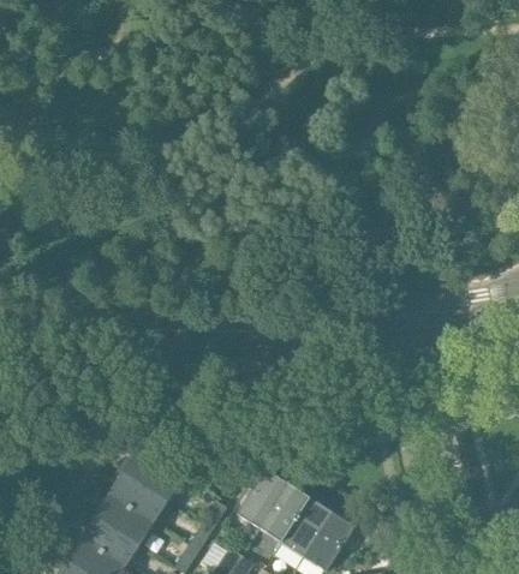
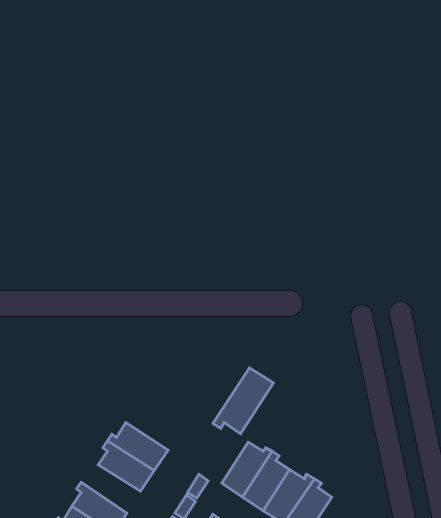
building: none -> [213,368,273,434]
building: [89,496,151,546] -> none

